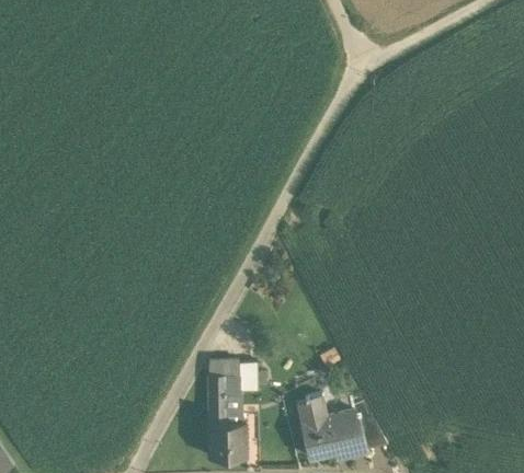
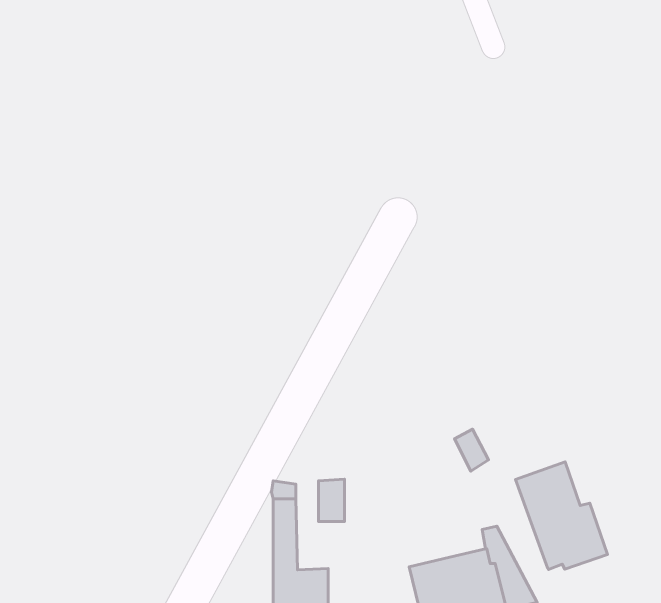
building: none -> [516,462,607,569]
building: [297,392,329,420] -> none

